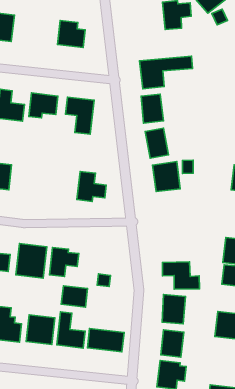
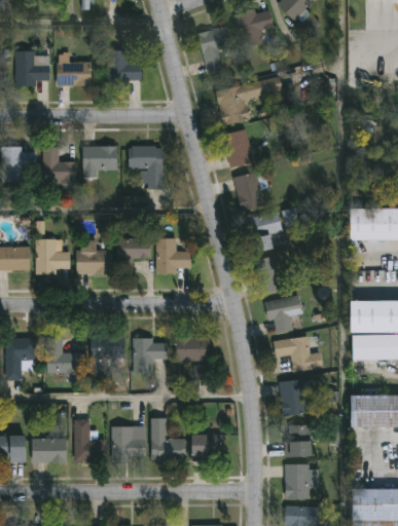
building: none -> [198,26,232,73]
building: none -> [58,53,91,86]
building: none -> [78,240,110,273]
building: none -> [116,239,150,273]
building: none -> [254,255,287,295]
building: none -> [266,297,296,334]
building: [61,286,88,307] -> [176,337,207,361]

